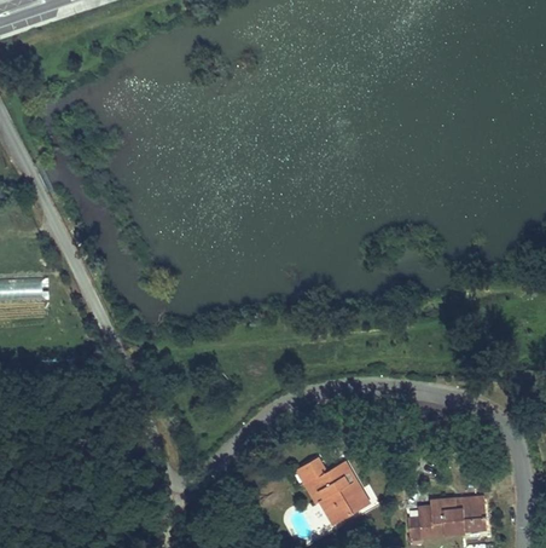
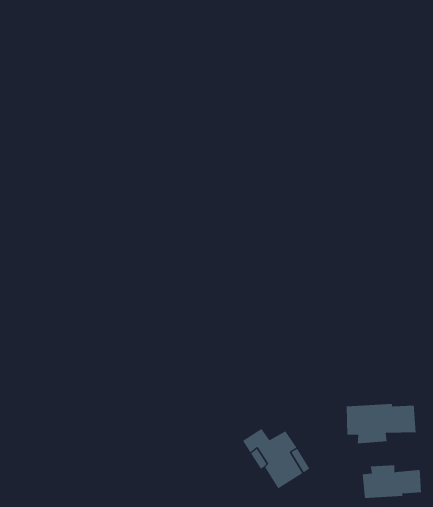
building: none -> [346,403,416,444]

